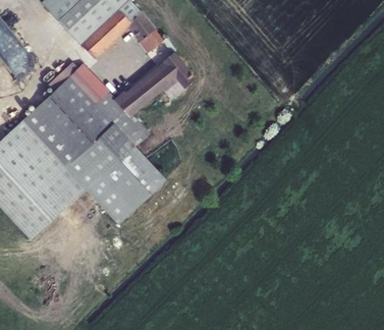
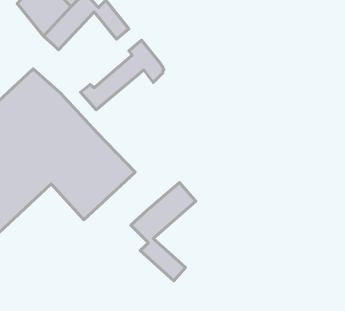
building: [69,63,142,139] -> none
building: none -> [131,182,196,281]

